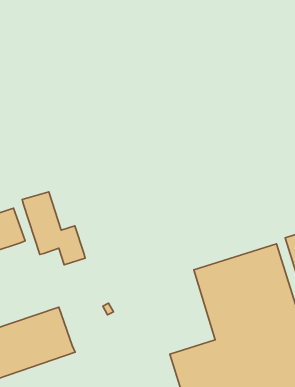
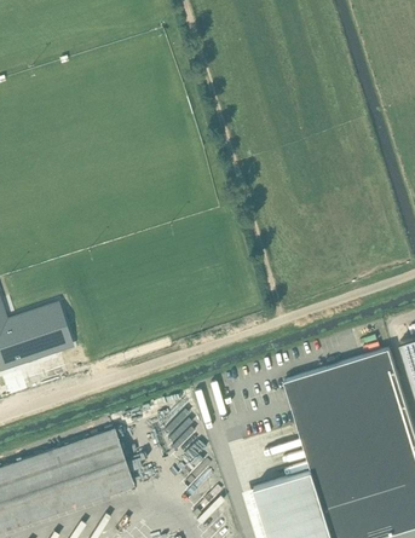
building: [22,192,85,265] -> none

